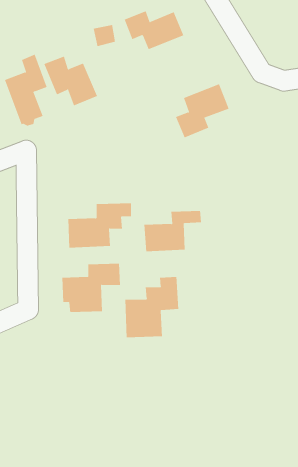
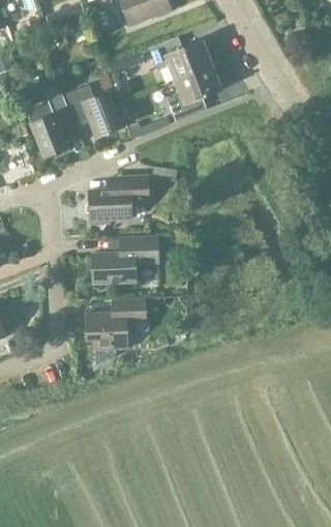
building: [175,84,229,138] -> [167,64,222,120]
building: [143,210,202,252] -> [89,176,149,218]
building: [125,276,179,338] -> none

